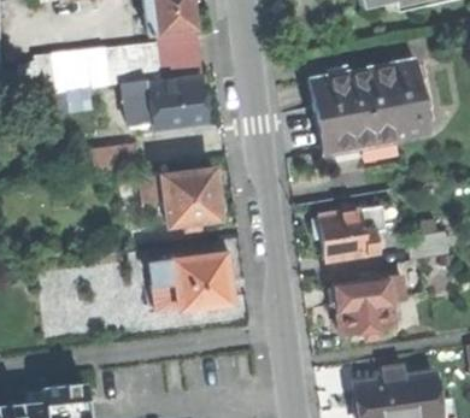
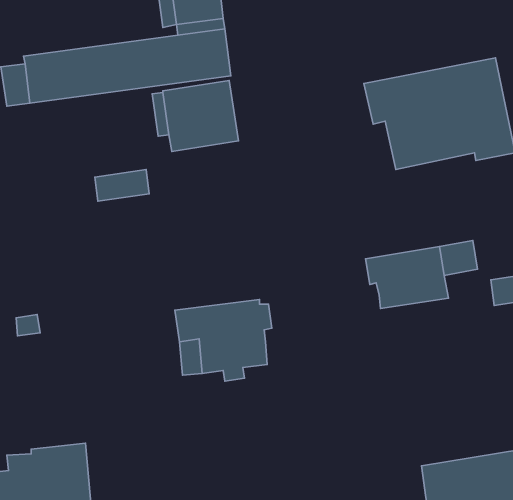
building: [146,169,227,232] -> none
building: [325,273,401,341] -> none

